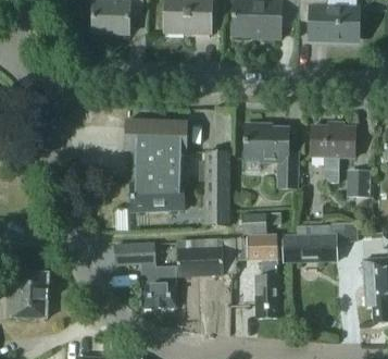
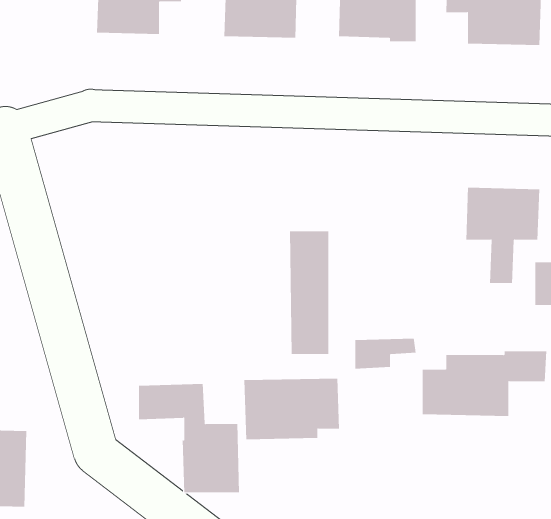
building: [125,117,187,210] -> none
building: [245,122,296,185] -> none
building: [249,234,279,317] -> none

